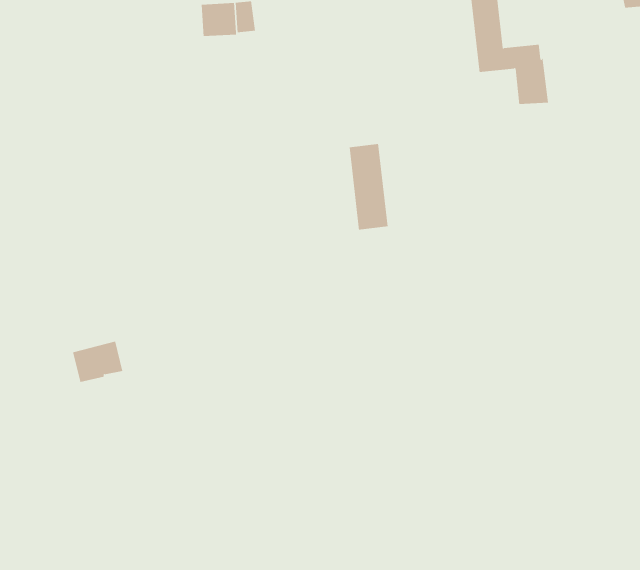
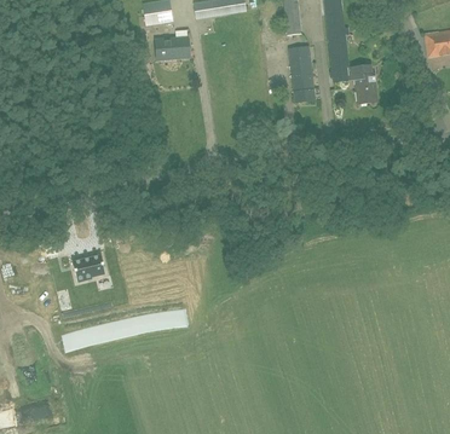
building: [349,143,388,230] -> [288,45,313,100]

